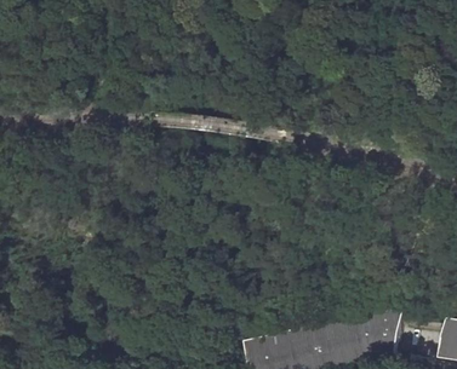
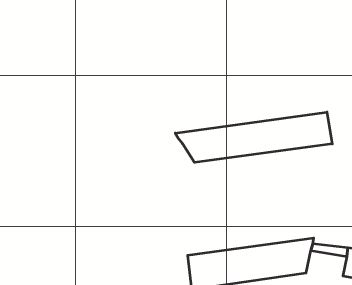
building: none -> [175,112,332,162]

